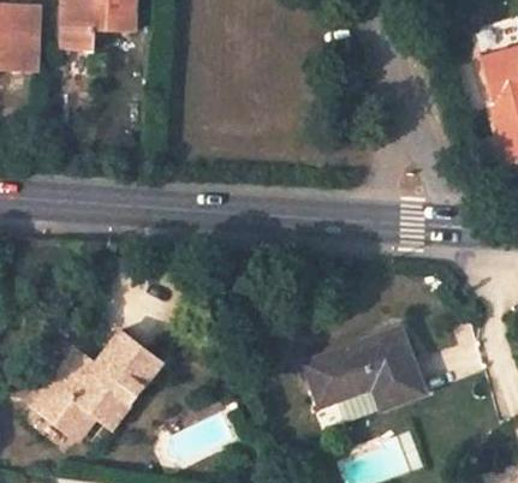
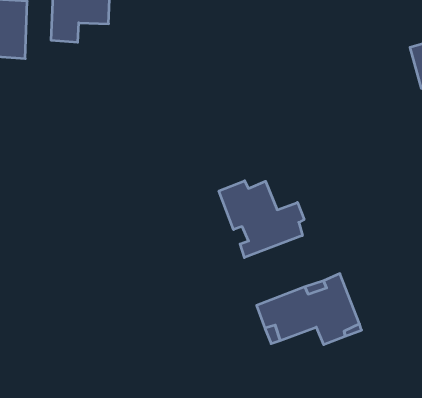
building: none -> [219,181,304,258]
building: [35,334,161,441] -> none

